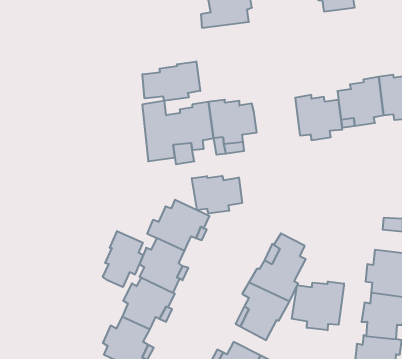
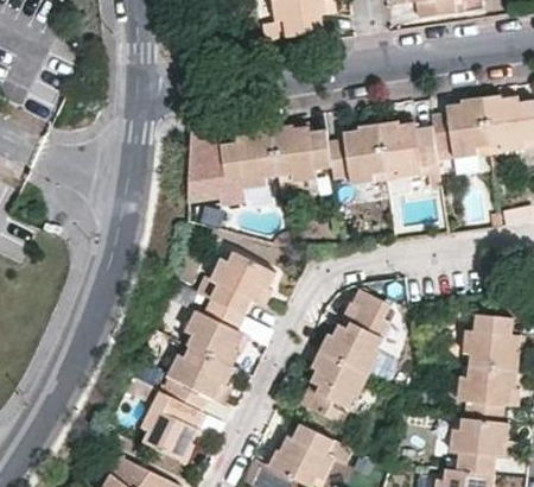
building: [143,61,200,101] -> none
building: none -> [328,124,384,182]
building: [192,176,242,213] -> none
building: [103,231,143,287] -> none
building: [292,281,344,330] -> none

